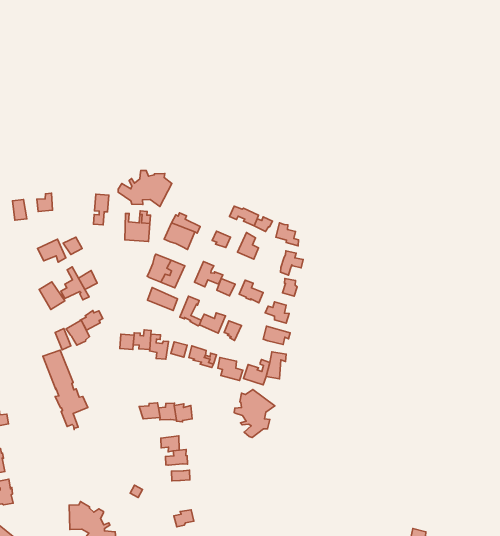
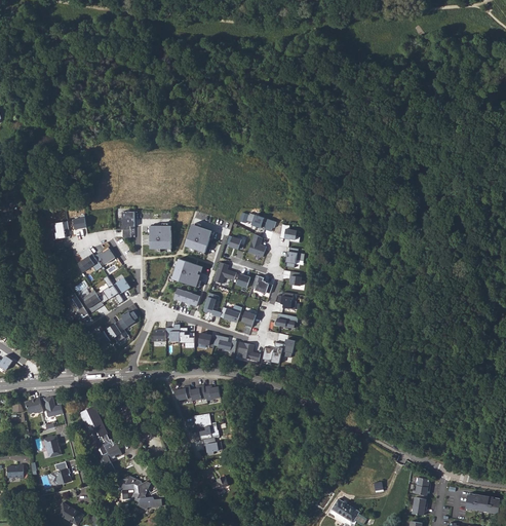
building: [118,170,172,206] -> none
building: [43,350,88,429] -> [80,406,122,473]
building: [234,390,275,437] -> none

